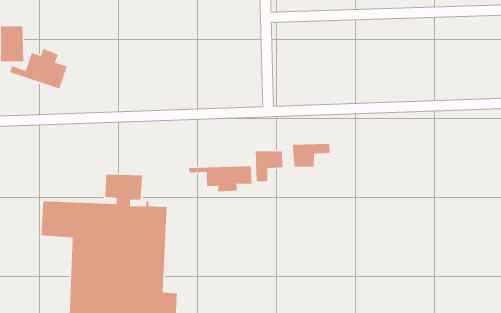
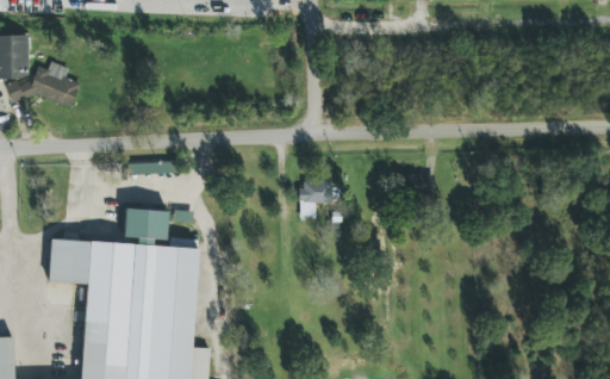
building: [292,143,331,168] -> none
building: [188,166,252,192] -> none

